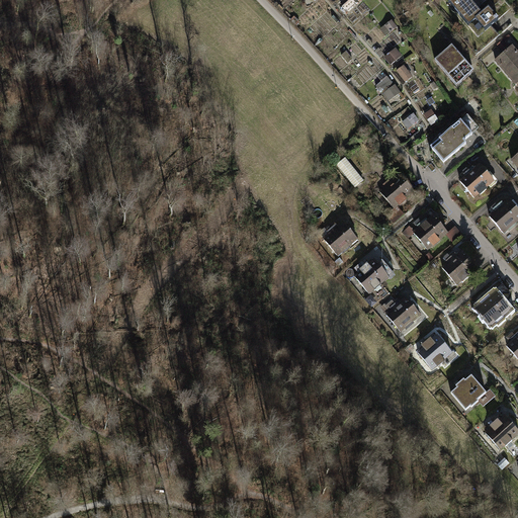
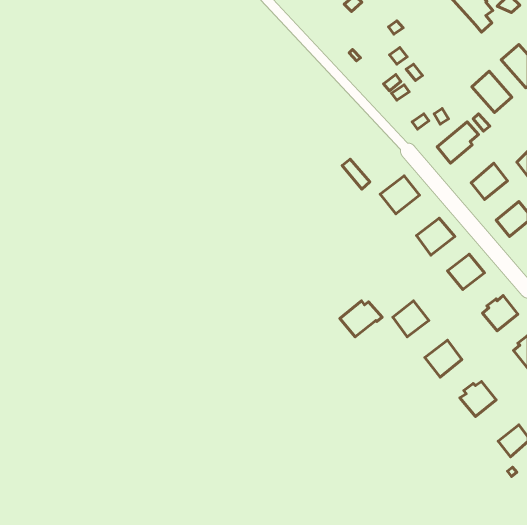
building: [432,44,471,84] -> [472,71,512,113]
building: [322,219,359,256] -> none
building: [354,257,396,292] -> [340,301,382,337]

